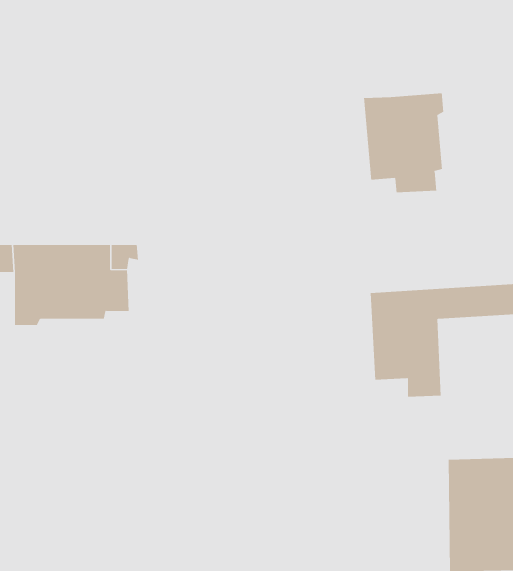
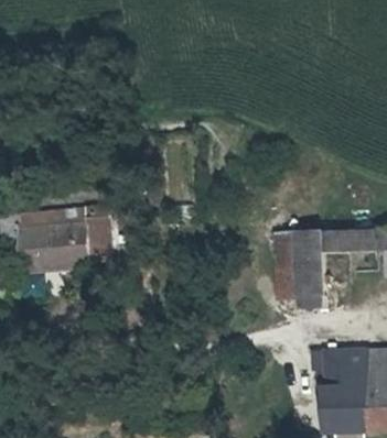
building: [364,92,444,193] -> none

